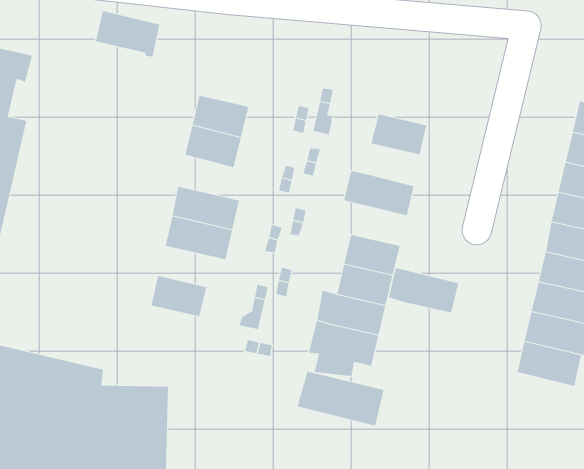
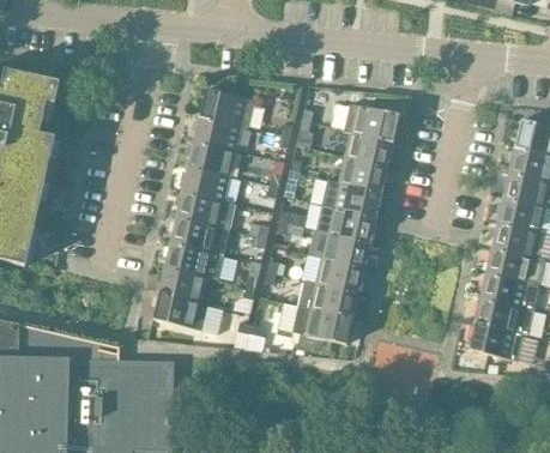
building: [95,10,160,57] -> [198,90,253,129]
building: none -> [342,104,397,141]
building: none -> [338,157,385,193]
building: none -> [180,167,228,203]
building: none -> [163,243,211,278]
building: [388,268,459,313] -> [314,205,374,243]
building: none -> [151,294,206,331]
building: [297,371,384,427] -> none

